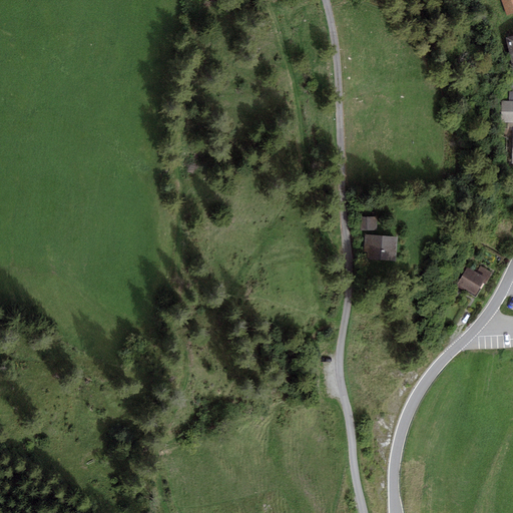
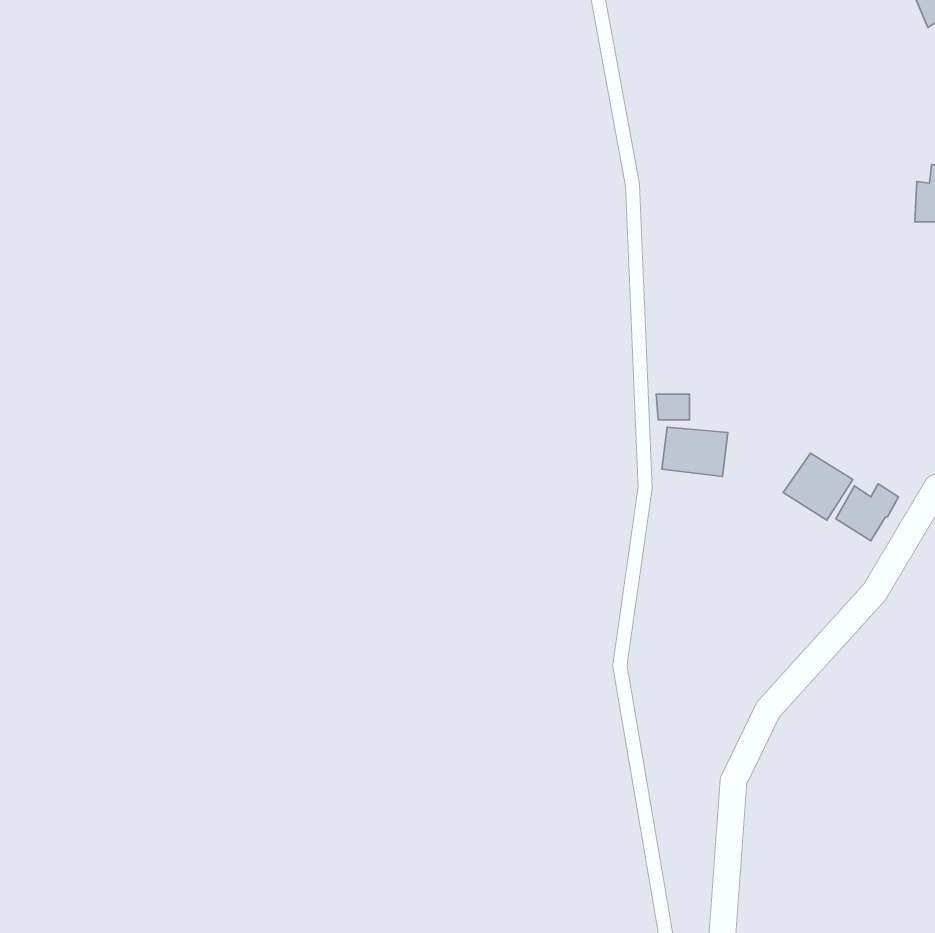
building: none -> [783,453,853,520]

